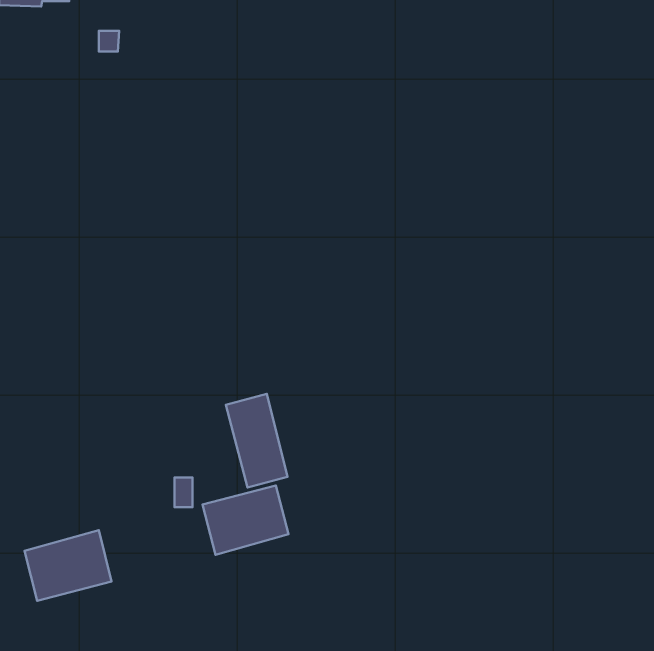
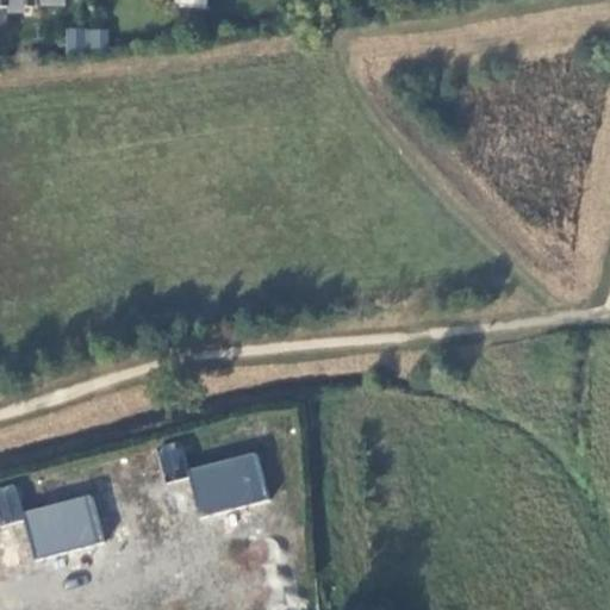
building: [226,394,287,487] -> none

